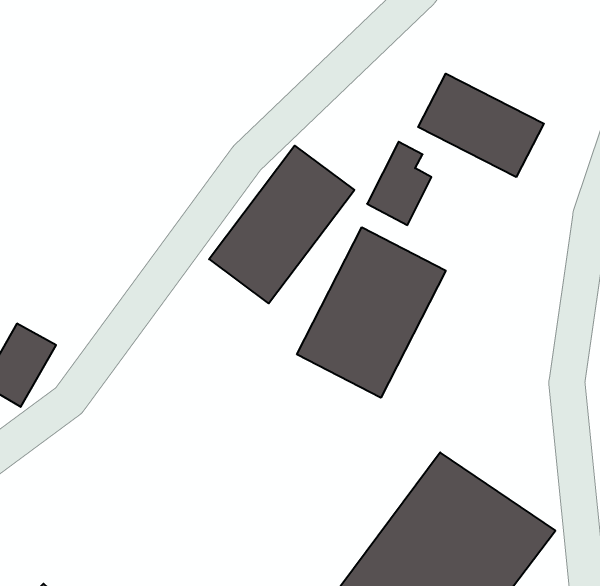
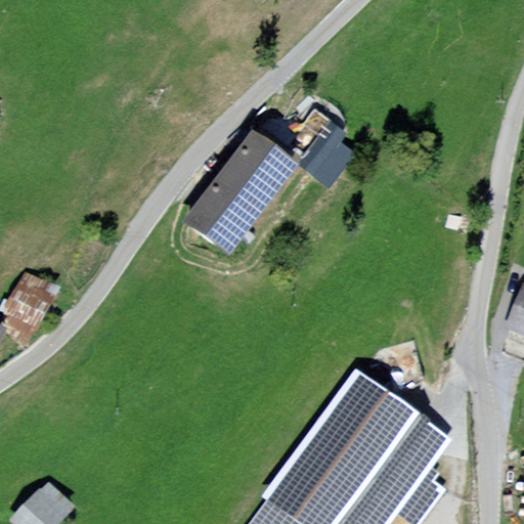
building: [418,74,544,177] -> none
building: [297,227,446,398] -> none

